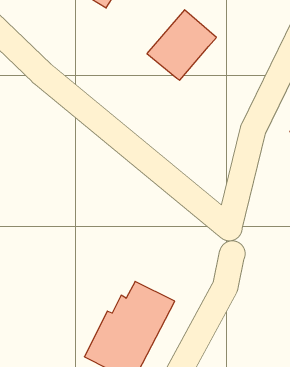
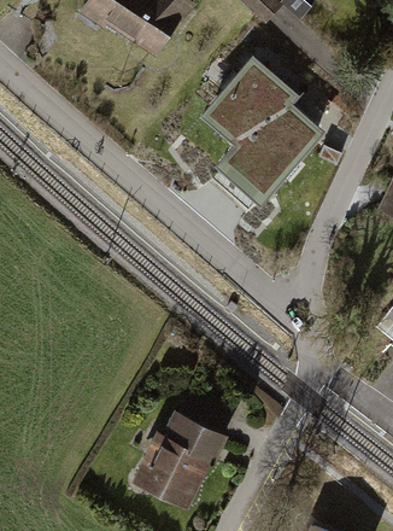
building: none -> [225,105,316,197]

